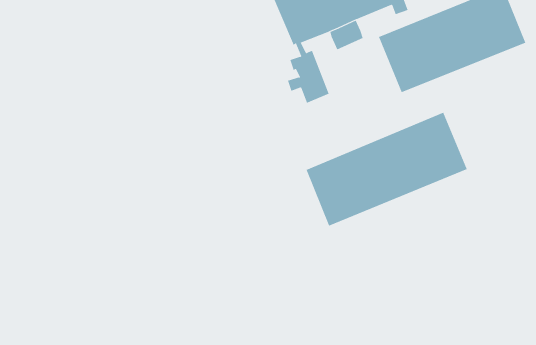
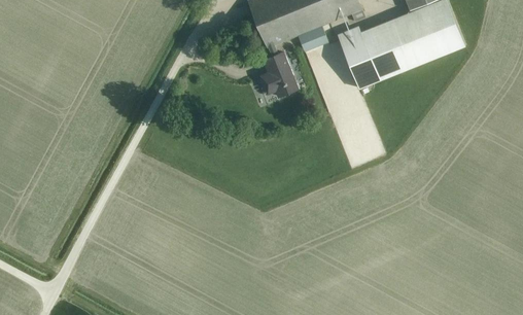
building: [306,112,467,226] -> none

